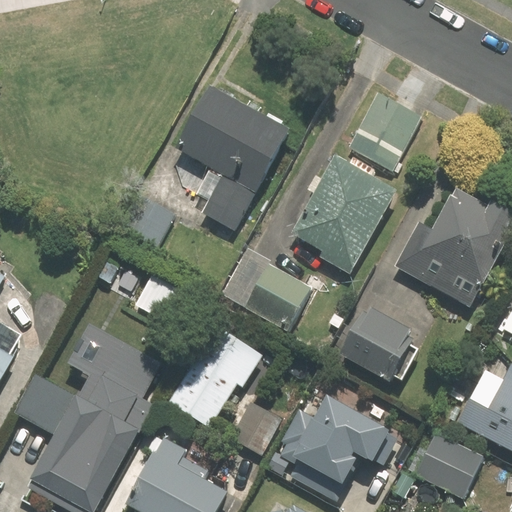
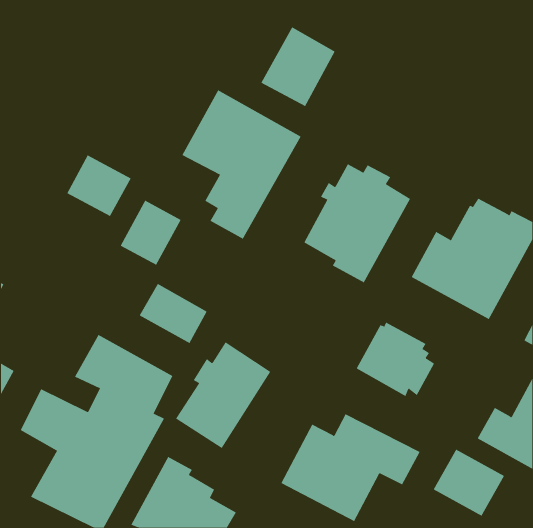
building: [349,92,421,169] -> [261,27,336,107]
building: none -> [66,154,131,217]
building: [222,252,310,329] -> none
building: [229,401,281,454] -> none

